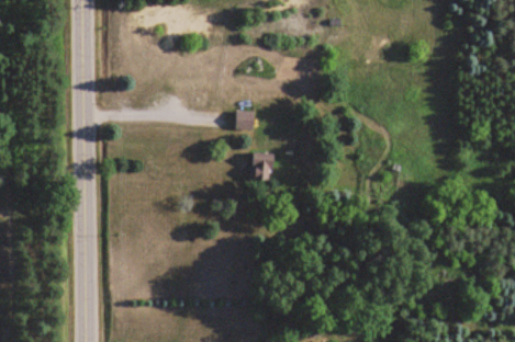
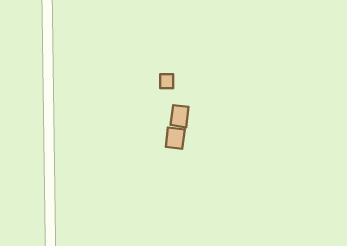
building: none -> [166,128,185,149]

